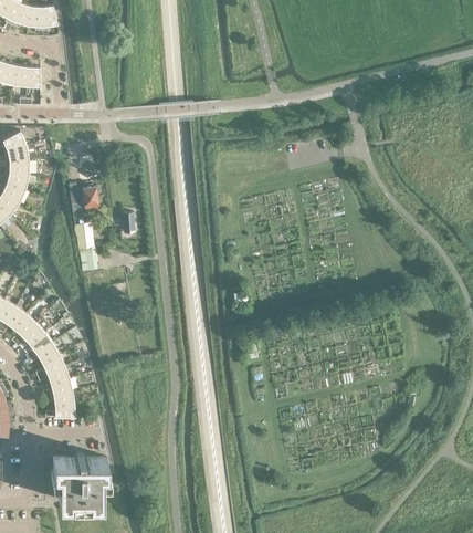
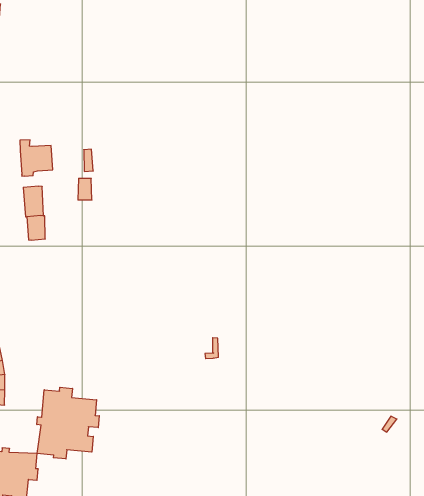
building: none -> [37,387,99,459]

